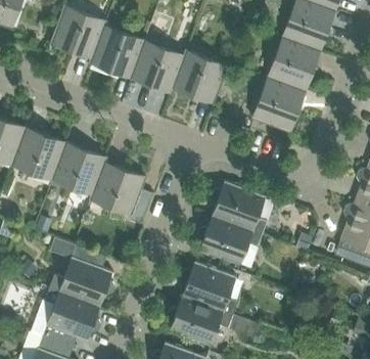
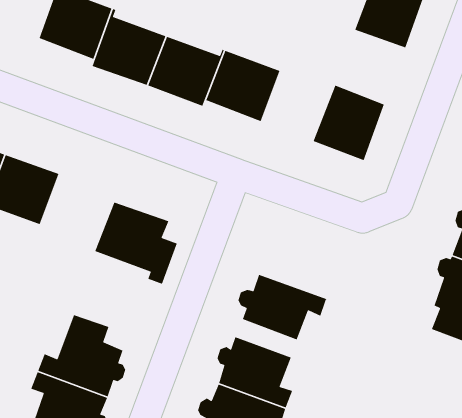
building: [268,38,320,92] -> none
building: [51,143,106,200] -> none
building: [211,182,267,234] -> none

